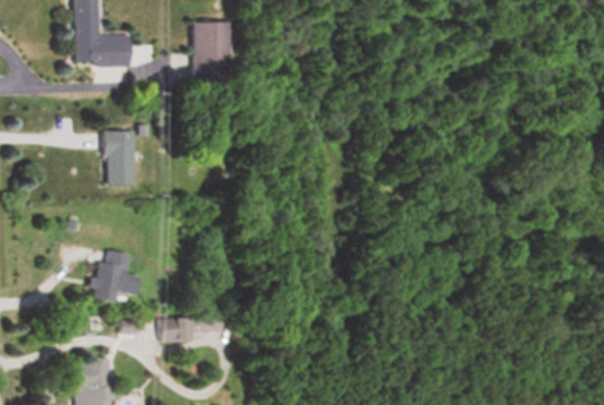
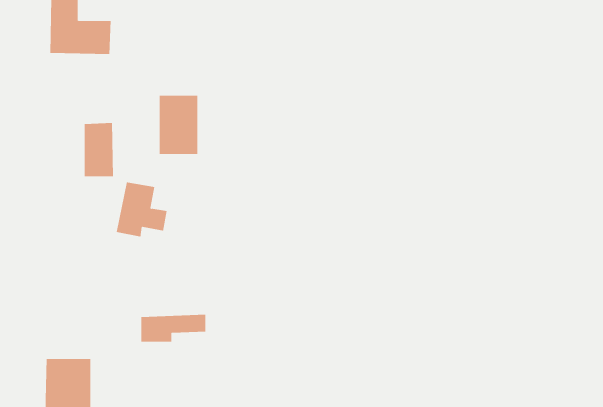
building: [192,24,229,80] -> [159,95,198,154]
building: [92,249,141,302] -> [116,182,168,237]

